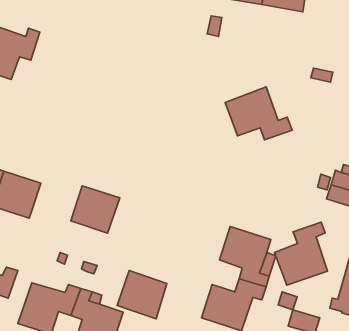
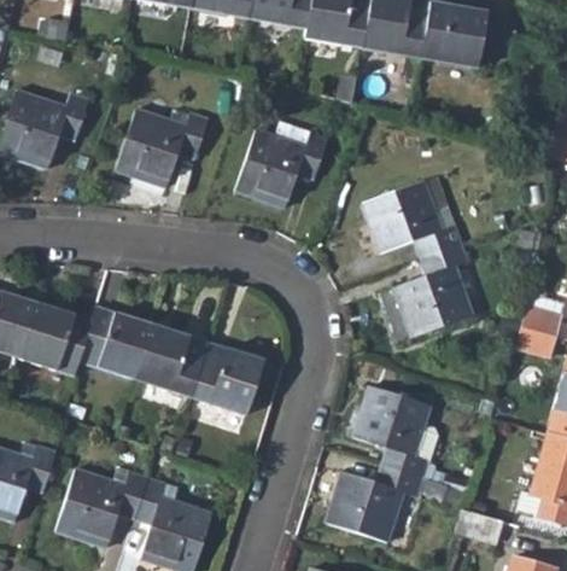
building: none -> [116,107,210,186]
building: none -> [235,128,329,205]
building: none -> [78,305,152,377]
building: [274,222,328,285] -> [393,243,472,336]
building: [117,271,167,319] -> [189,343,263,414]

